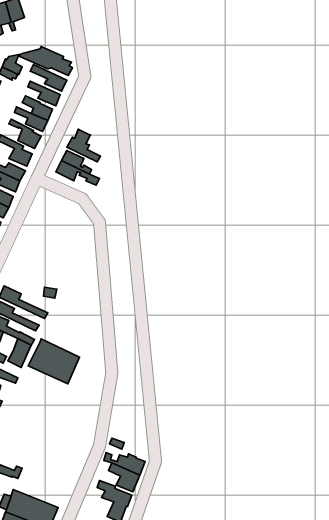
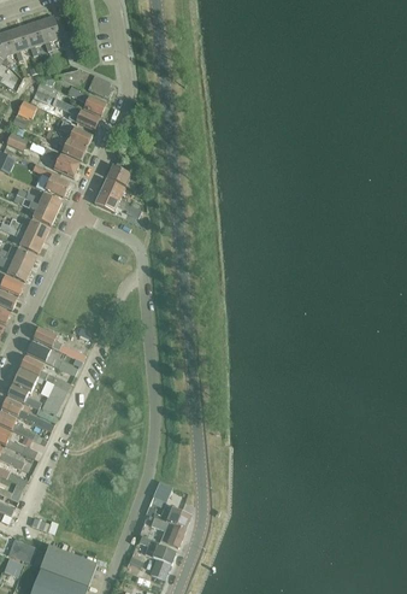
building: [28,339,79,384] -> none

